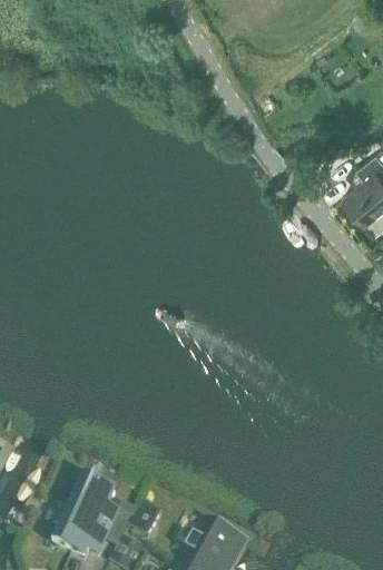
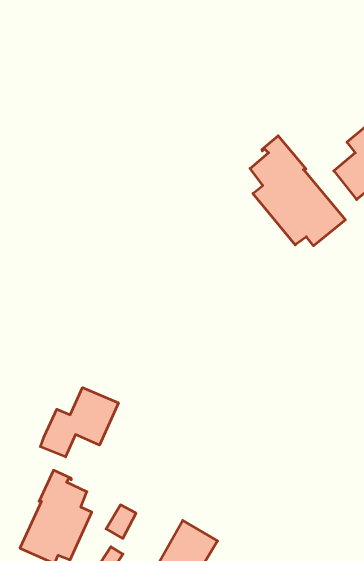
building: none -> [250,136,345,246]
building: none -> [40,388,118,457]

